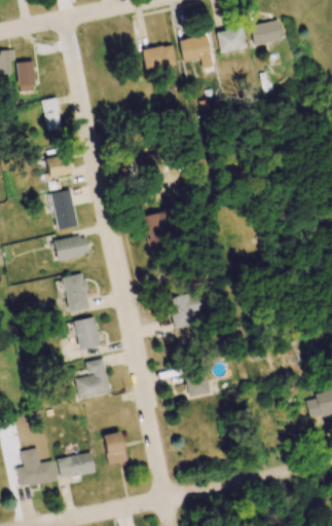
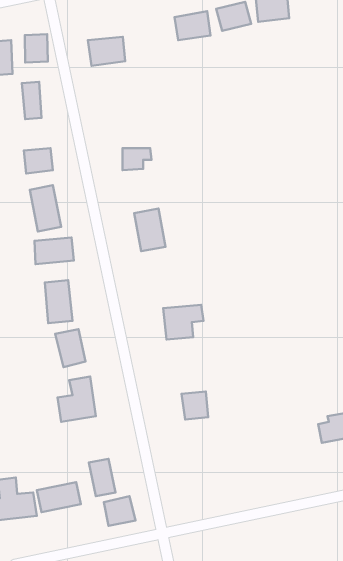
building: [143,45,176,71] -> [88,37,125,66]
building: none -> [25,34,48,62]
building: none -> [104,496,135,526]

